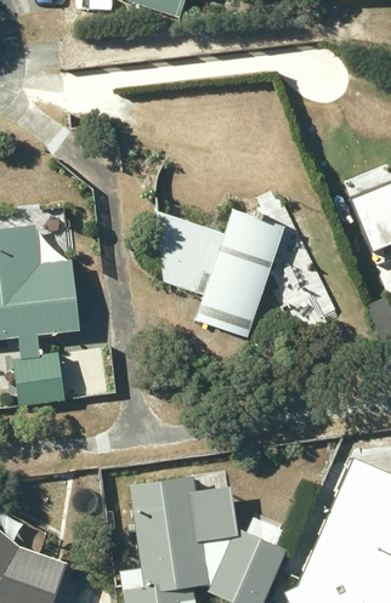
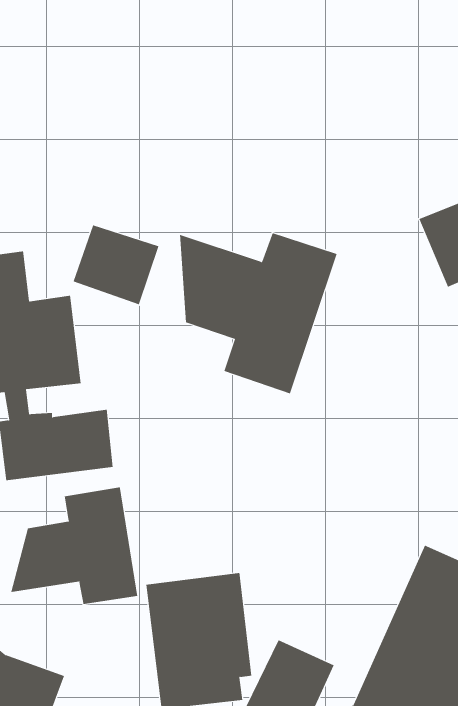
building: none -> [73,224,159,305]
building: none -> [10,487,138,605]

